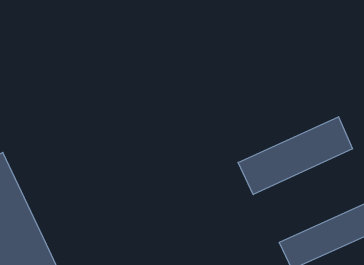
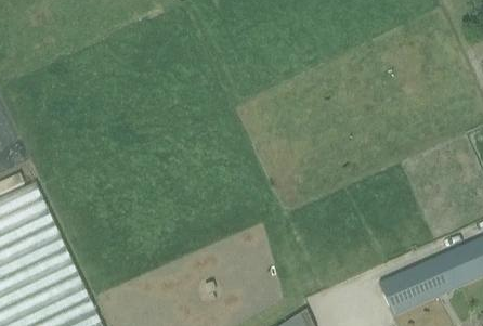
building: [238,117,352,195] -> none

